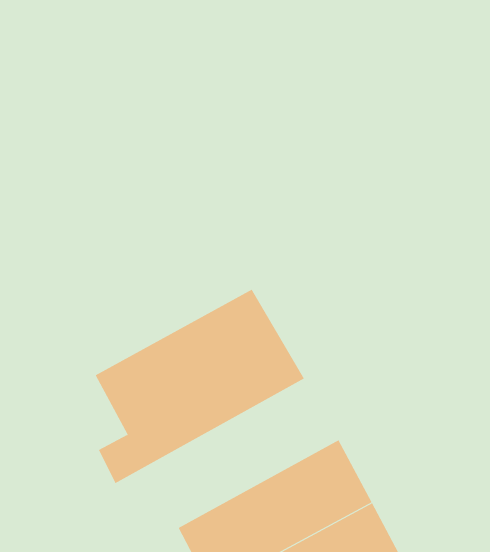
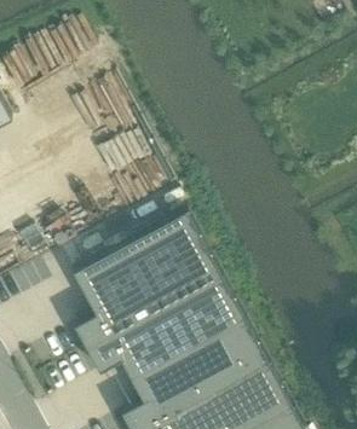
building: none -> [86,278,246,384]

